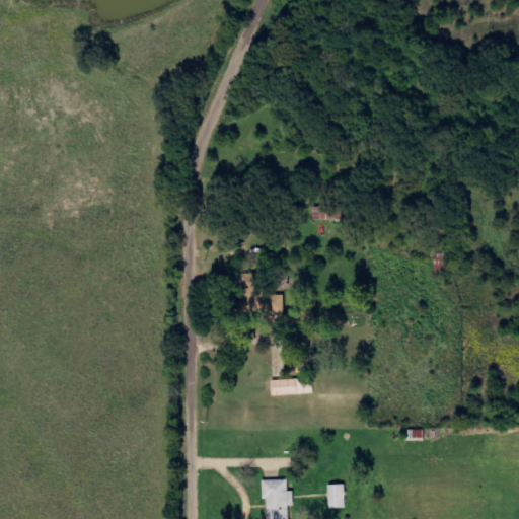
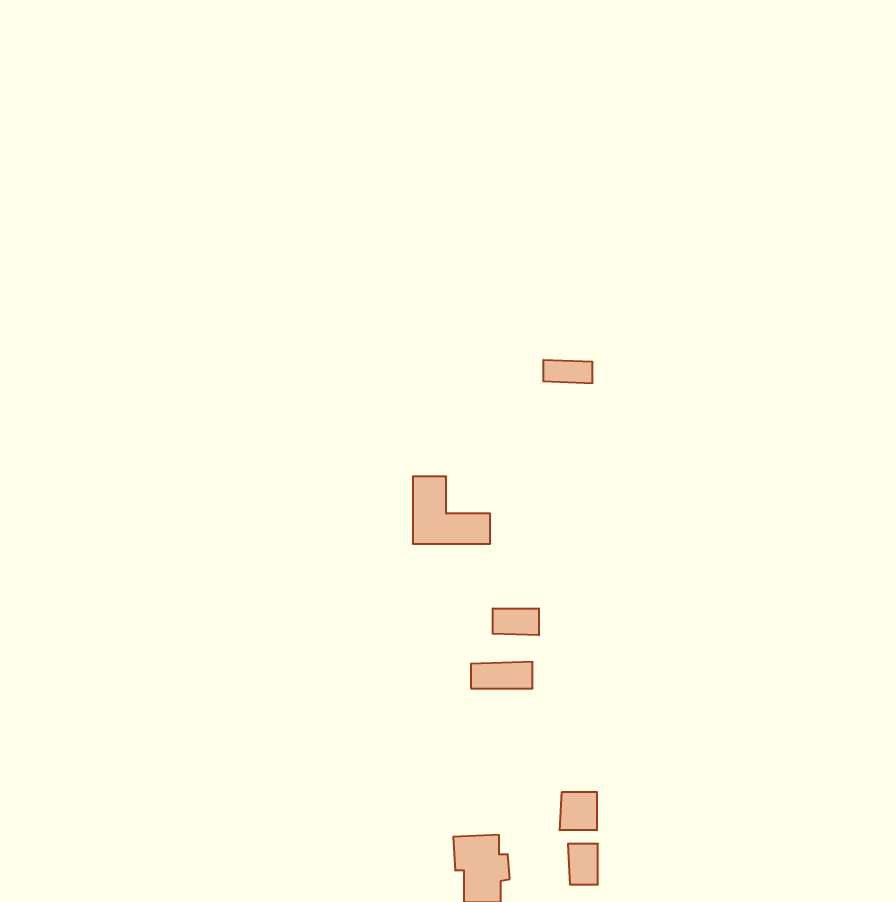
building: none -> [493,608,539,635]
building: none -> [560,792,597,830]

